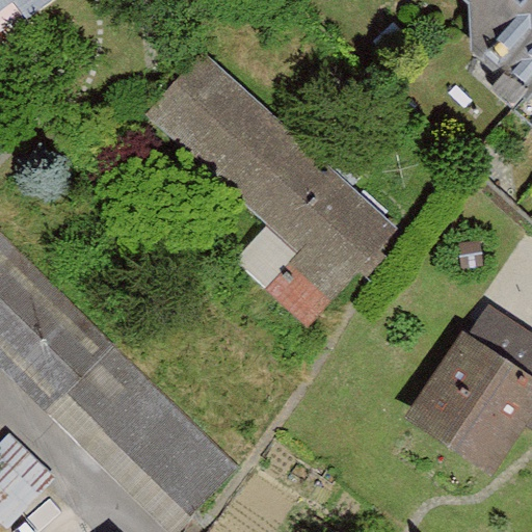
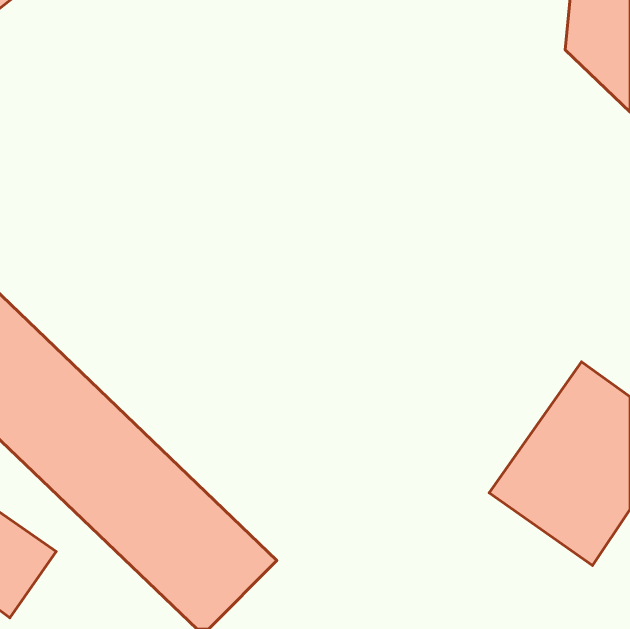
building: [152,58,396,322] -> none

